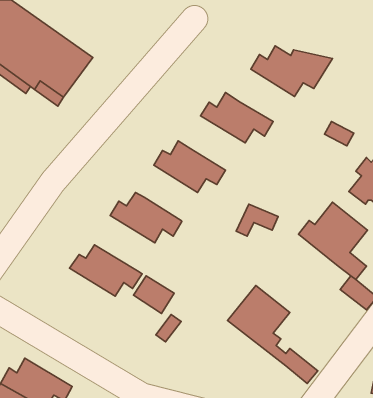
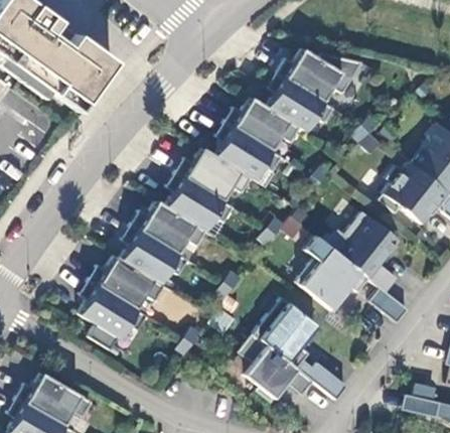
building: none -> [267,74,334,131]
building: none -> [215,122,282,179]
building: none -> [167,173,234,231]
building: none -> [122,226,188,283]
building: none -> [296,236,368,312]
building: none -> [80,280,148,350]
building: none -> [238,333,314,403]

